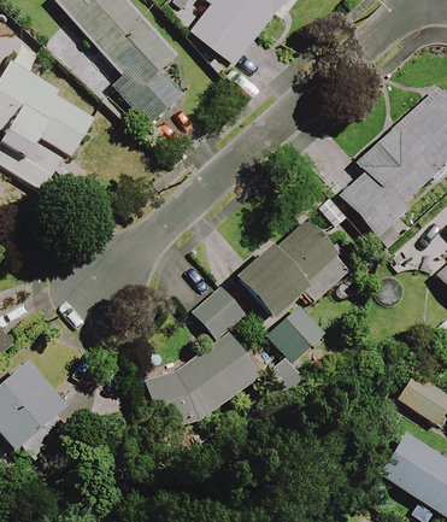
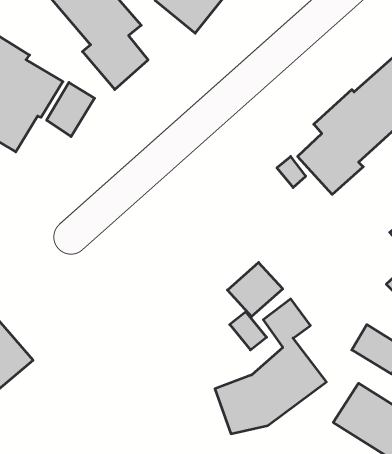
building: none -> [47,82,95,137]
building: [223,211,347,319] -> none
building: [143,288,260,429] -> [215,299,326,434]

